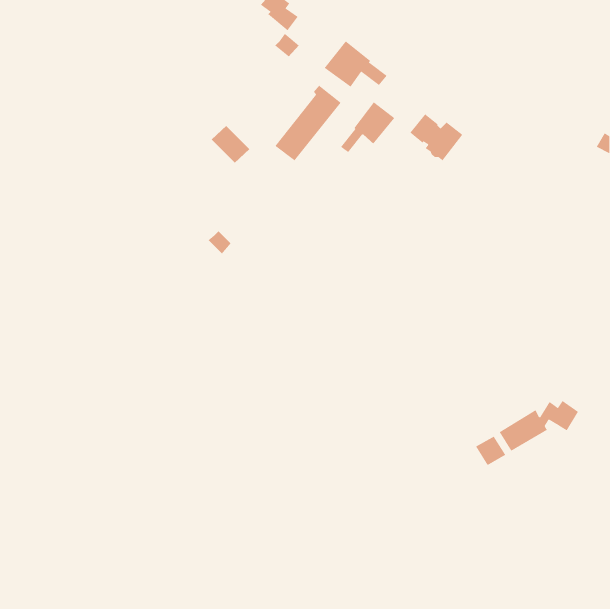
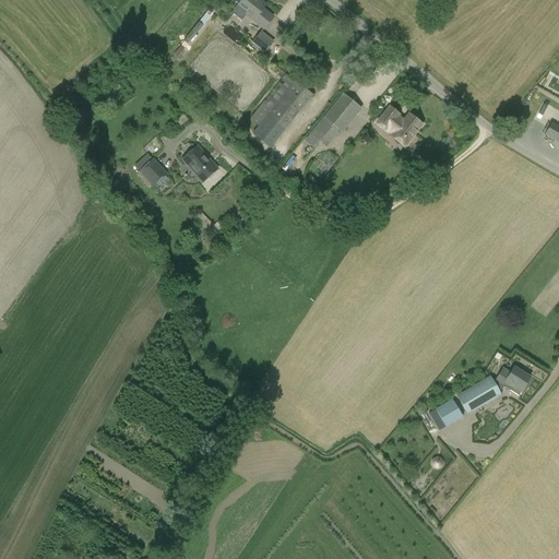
building: [324,40,387,88] -> none
building: [211,125,250,163] -> [180,146,216,181]
building: none -> [135,157,167,188]

